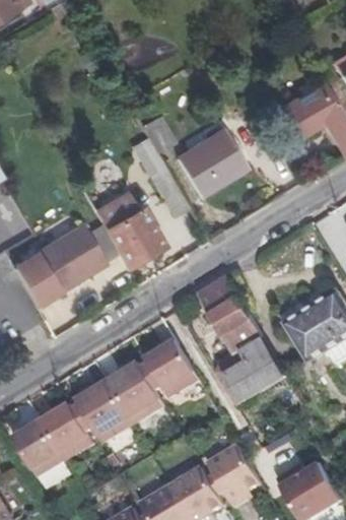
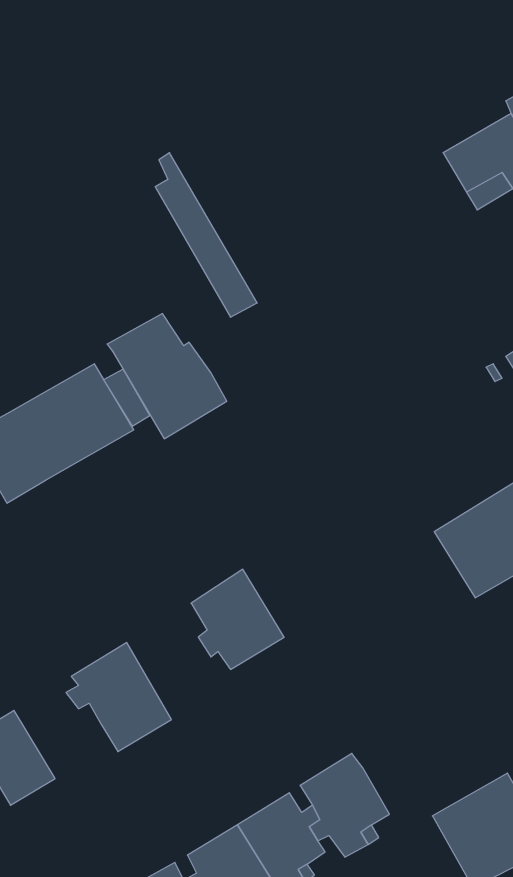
building: [180,130,249,195] -> none
building: [201,278,286,410] -> none
building: [107,365,162,427] -> none
building: [43,405,92,460] -> none

